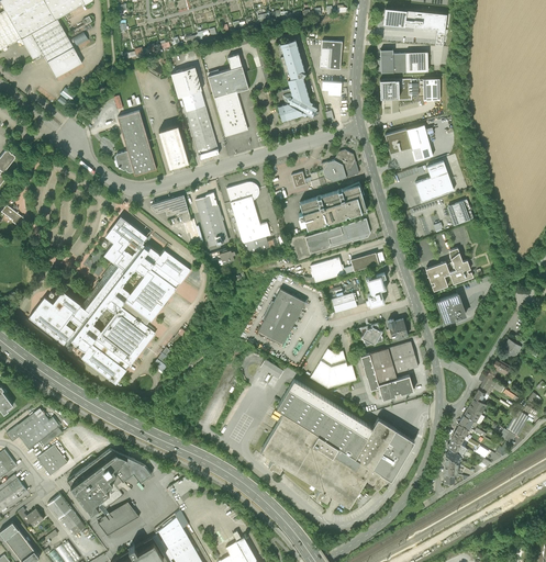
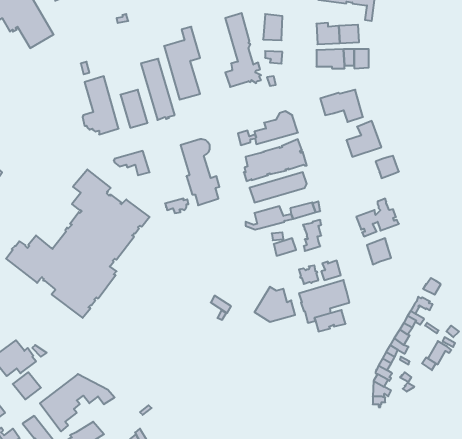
building: [171,67,201,98] -> none
building: [196,193,229,247] -> none
building: [258,290,305,345] -> none
building: [260,380,414,504] -> none

